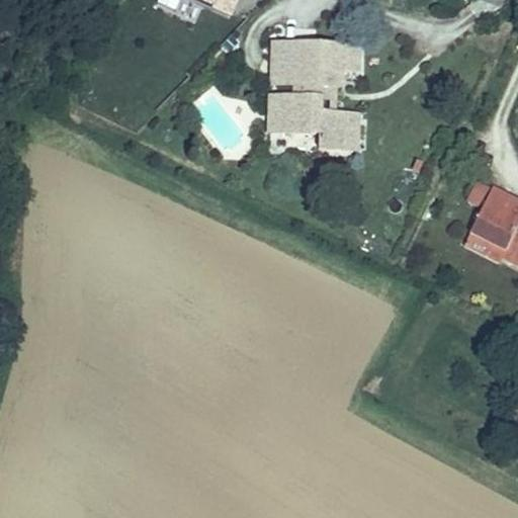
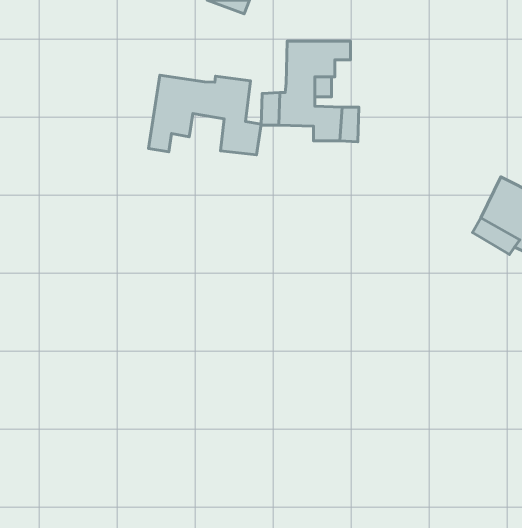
building: [269,49,291,89] -> none
building: none -> [149,75,261,155]

